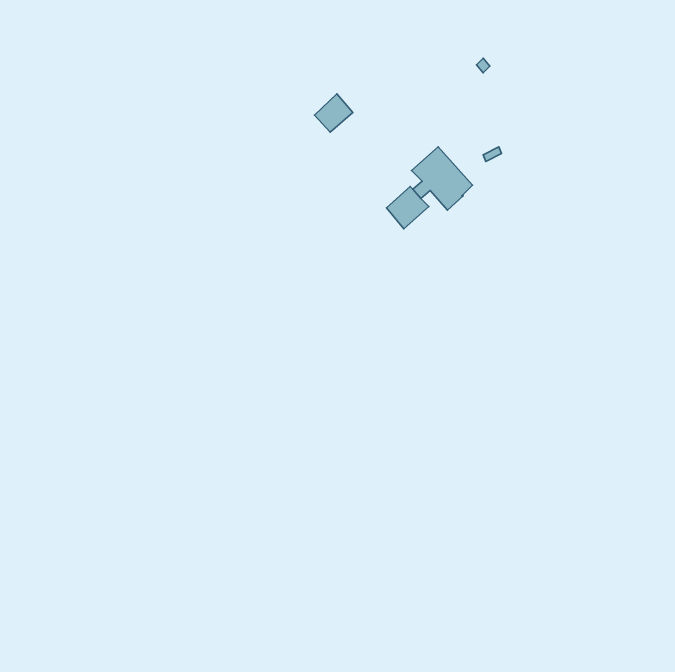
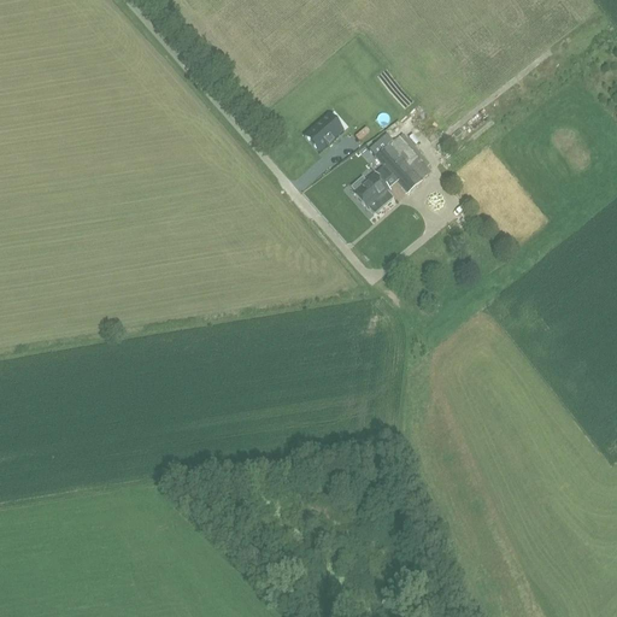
building: [314,94,353,132] -> [305,118,340,153]

